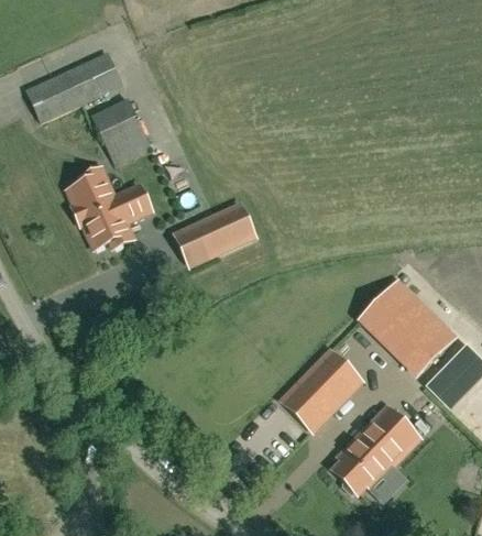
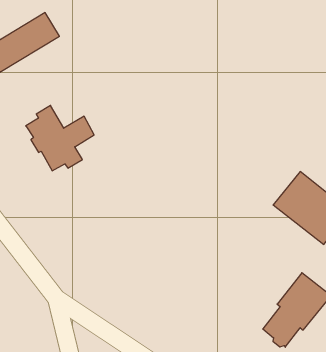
building: [90,97,151,165] -> none
building: [174,205,253,265] -> none
building: [281,350,361,430] -> none

